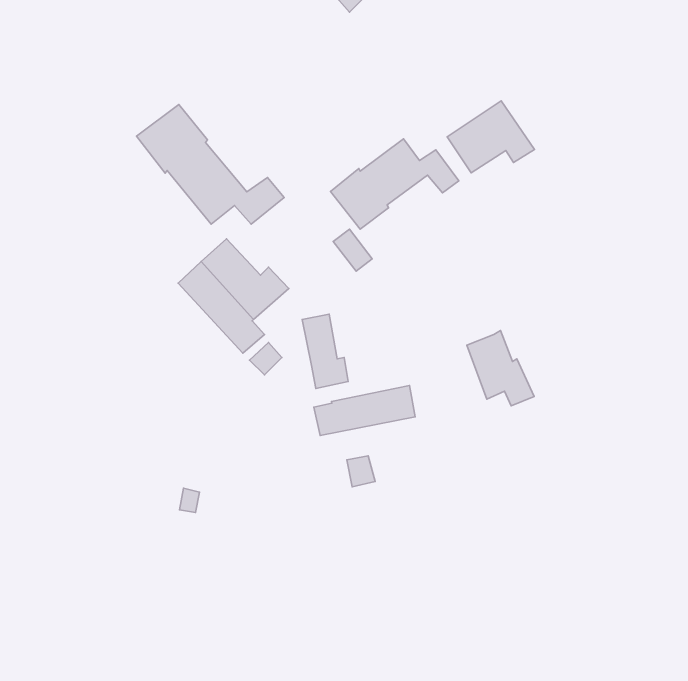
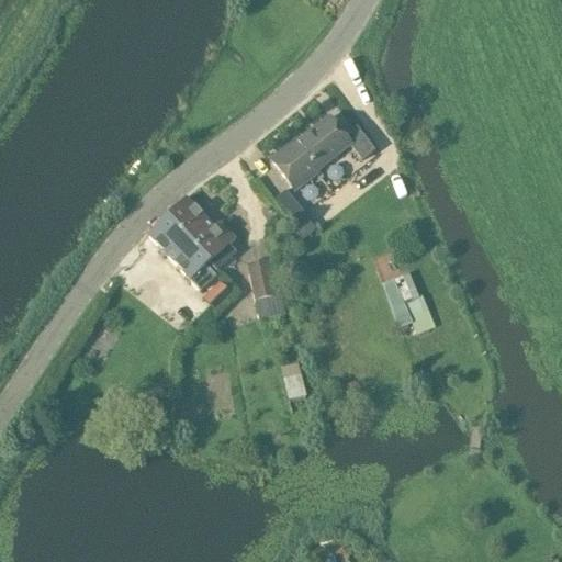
building: [447,101,534,173] -> none
building: [136,104,284,224] -> none
building: [314,385,415,435] -> none

